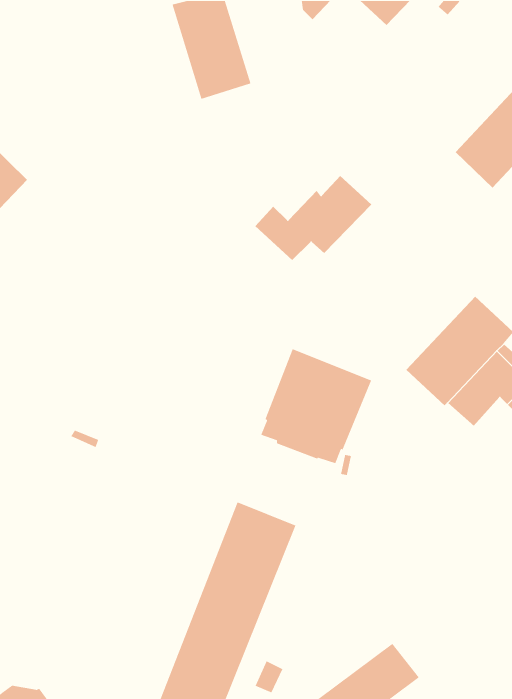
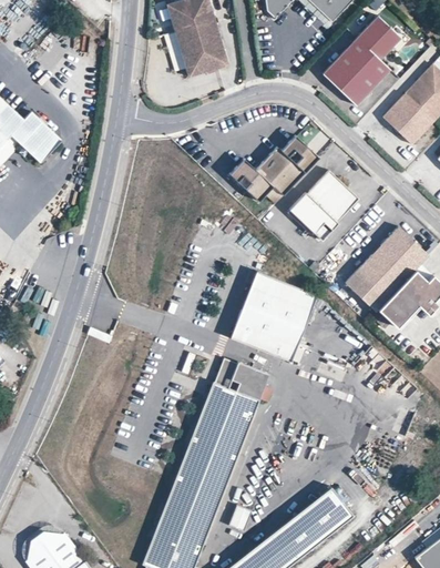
building: none -> [321,14,400,105]
building: none -> [288,170,358,240]
building: none -> [217,359,272,402]

